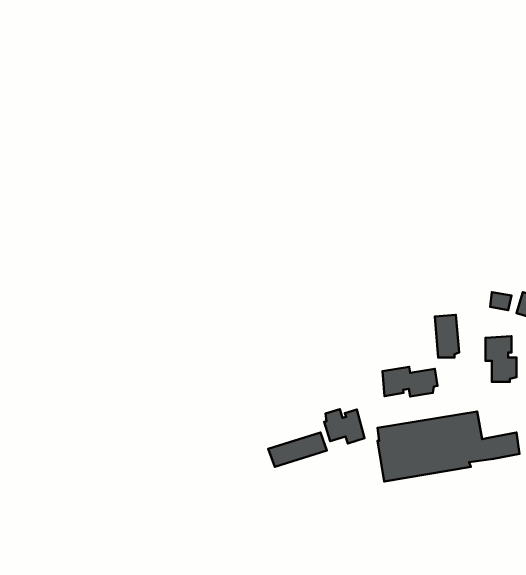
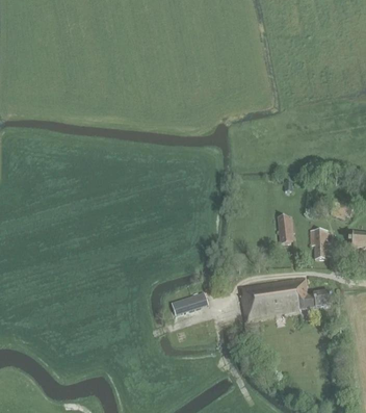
building: [382,367,438,397] -> none
building: [324,409,364,444] -> none

